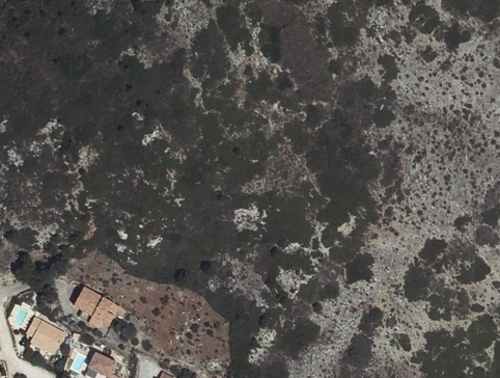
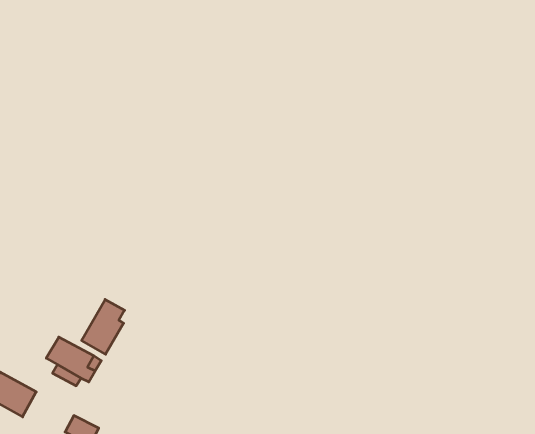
building: none -> [82,299,125,354]

